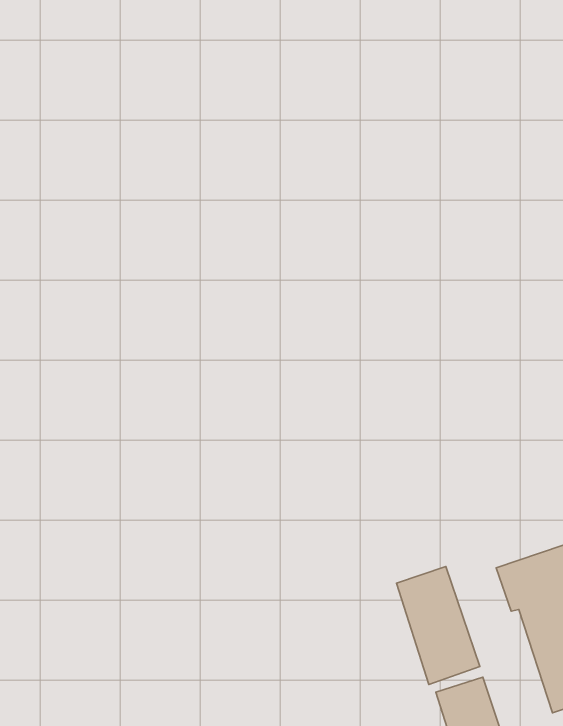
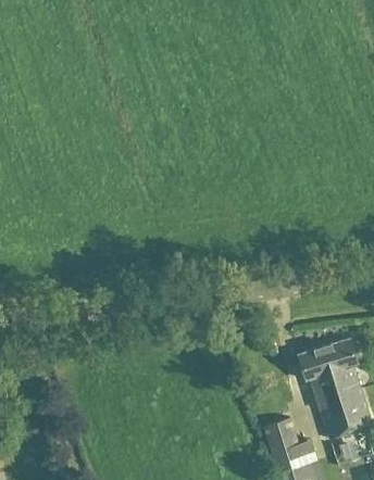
building: [396,566,480,684] -> none

